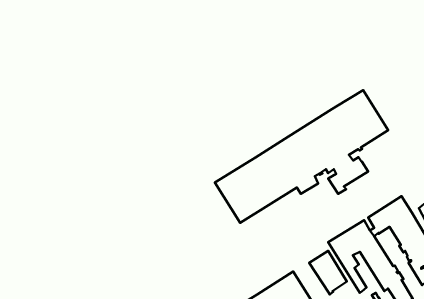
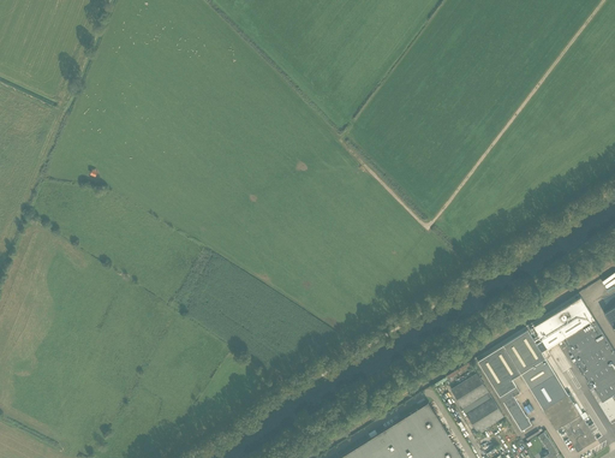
building: [215,90,388,223] -> none

